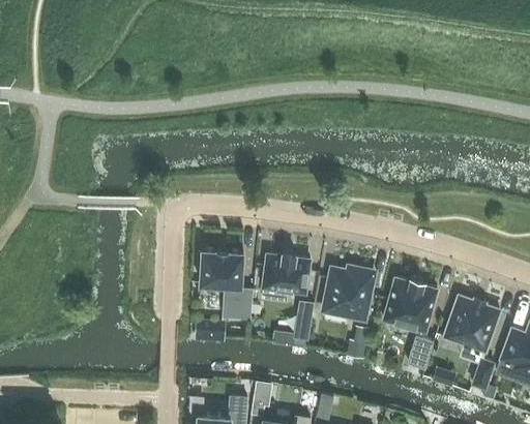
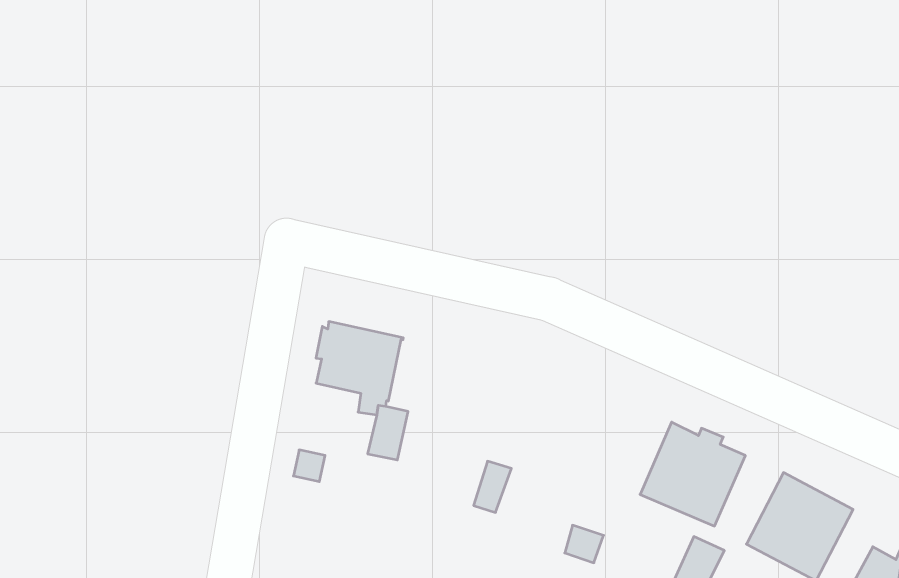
building: [262,252,310,293] -> none
building: [323,269,374,319] -> none

